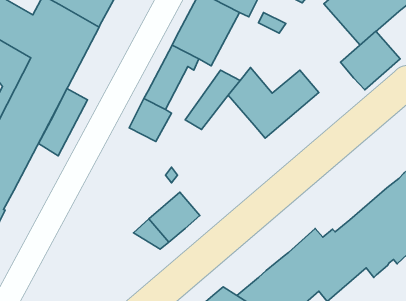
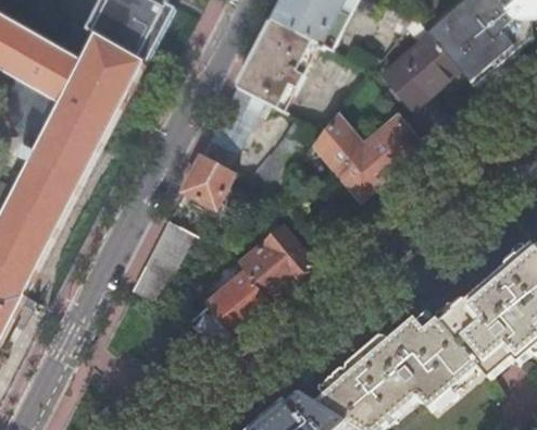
building: [341,31,400,90] -> [383,32,458,106]
building: [39,89,88,156] -> [130,217,192,302]
building: none -> [239,225,314,299]

